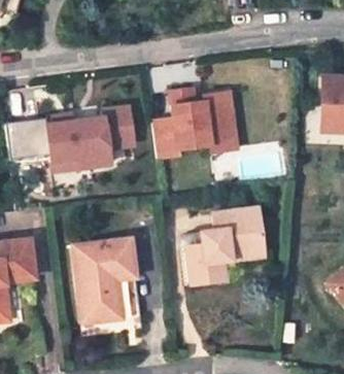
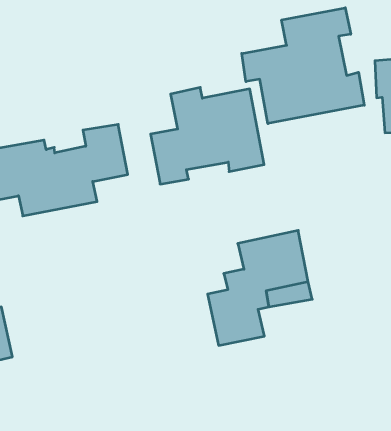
building: none -> [242,8,364,124]
building: [72,236,135,320] -> none

